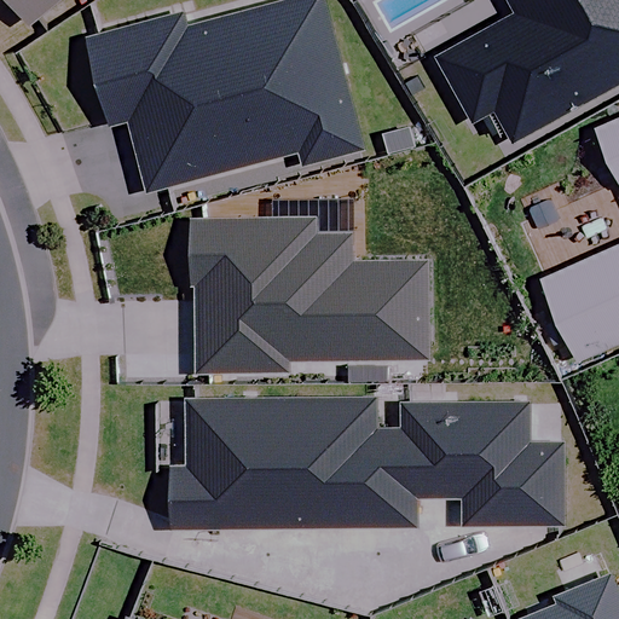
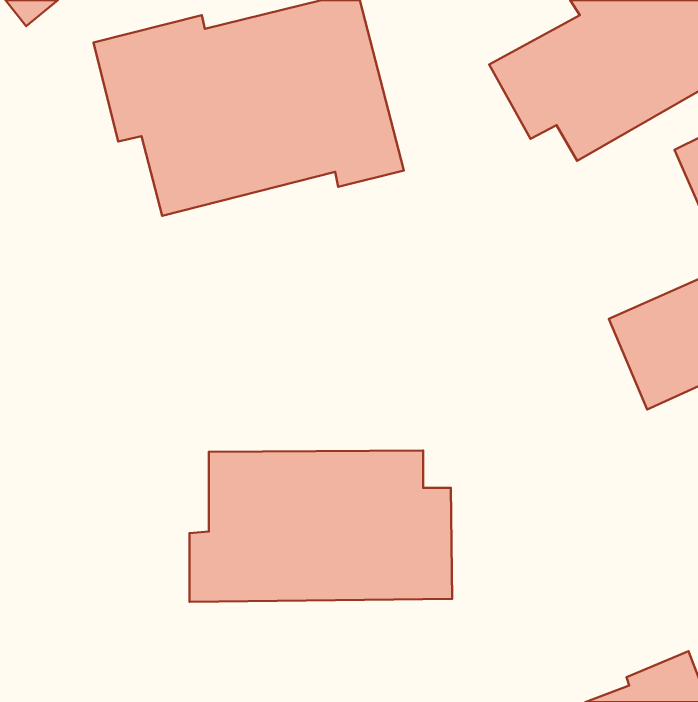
building: [186,220,429,372] -> none
building: [400,403,563,527] -> none

